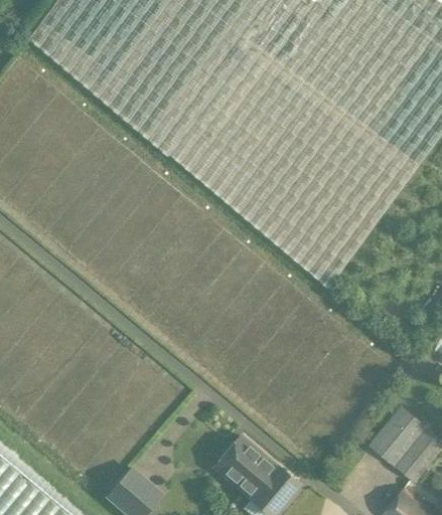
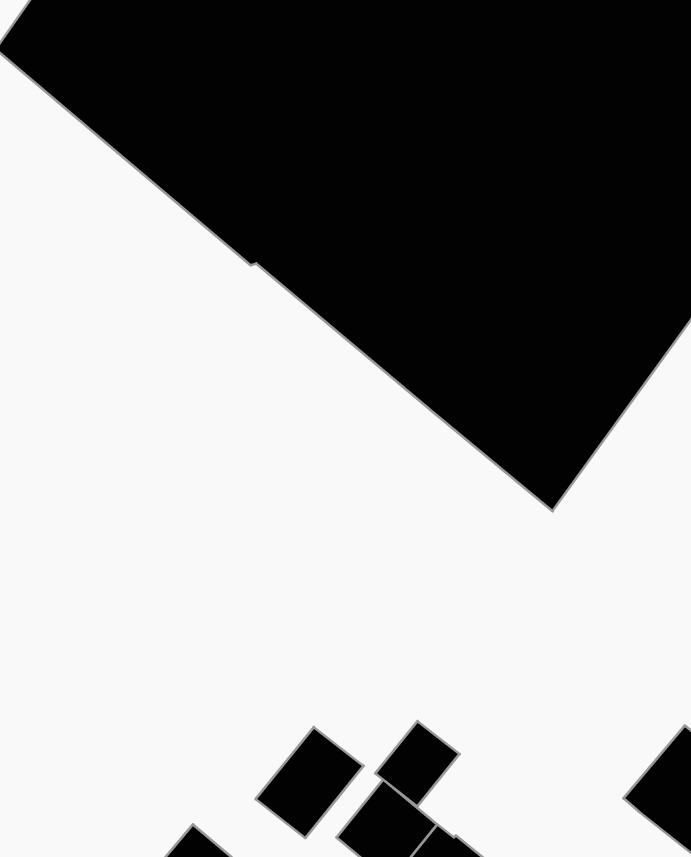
building: none -> [375,721,460,806]
building: none -> [256,727,364,838]

